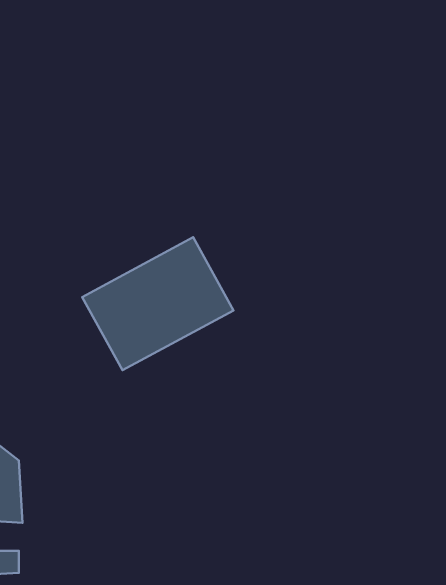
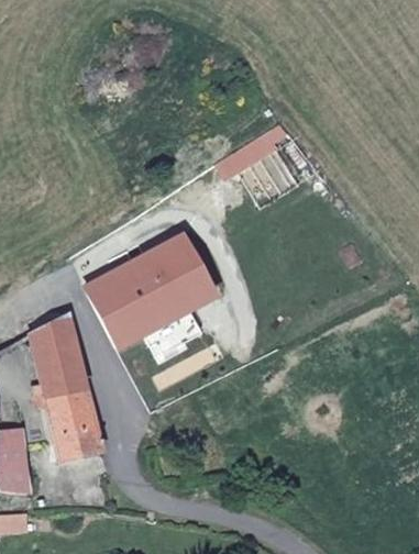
building: none -> [29,312,107,461]

